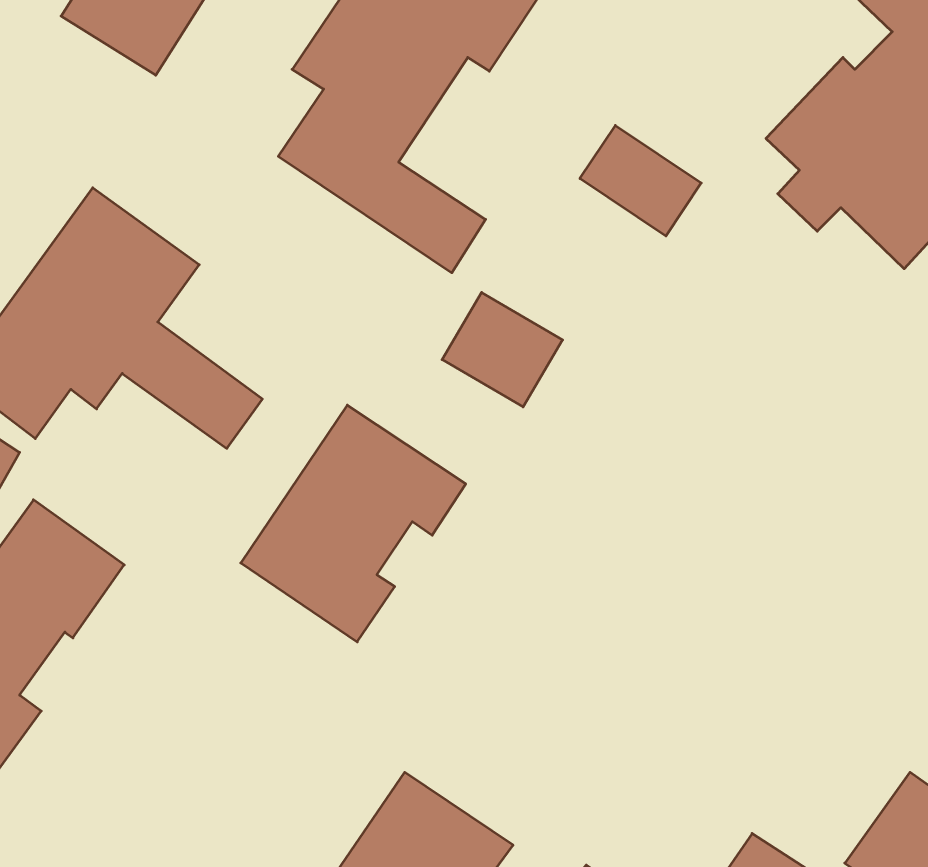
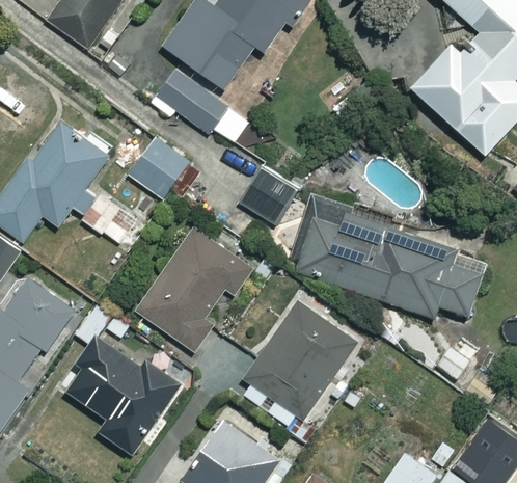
building: [580,125,701,236] -> none
building: none -> [129,138,189,199]
building: none -> [292,200,486,319]
building: none -> [243,302,356,421]
building: none -> [65,333,186,454]

